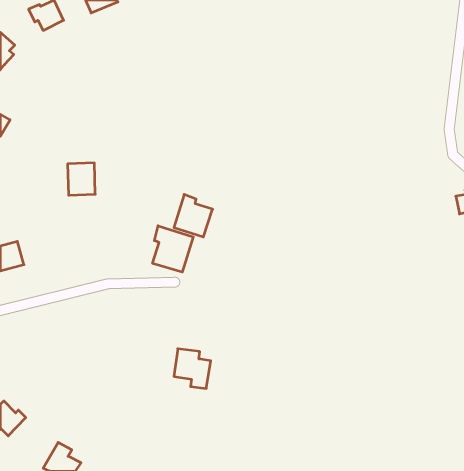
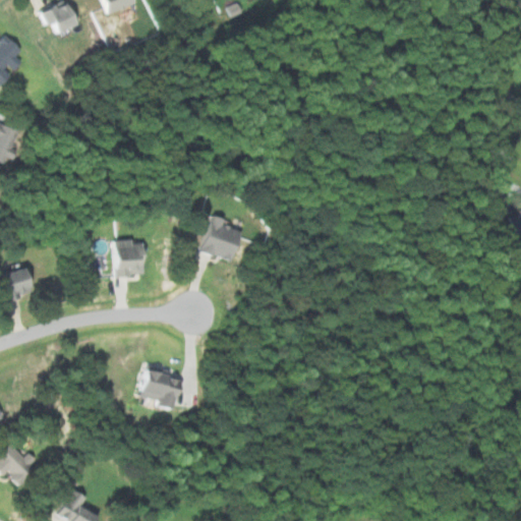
building: [68,163,95,195] -> [111,240,141,276]
building: [153,226,193,272] -> none
building: [174,349,211,388] -> [137,366,178,410]

